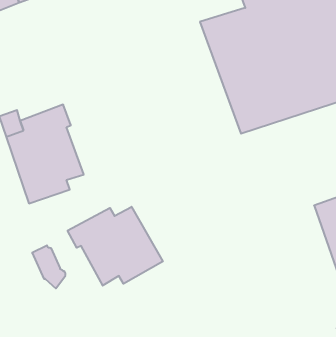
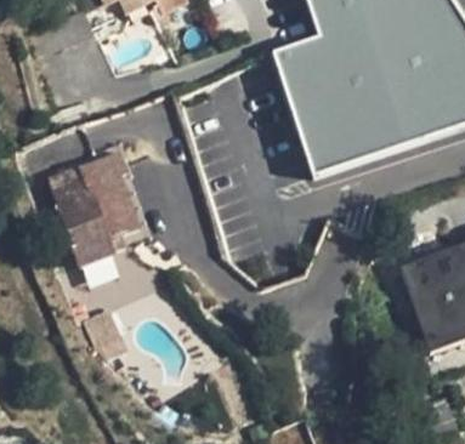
building: [68,207,163,286] -> none

